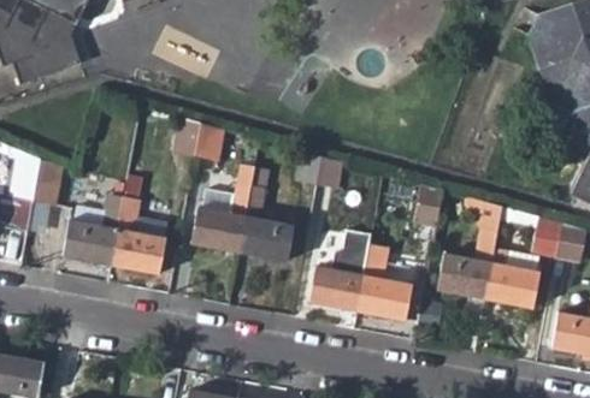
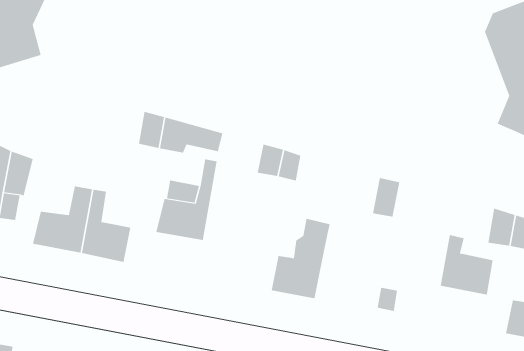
building: [240,170,293,260] -> none
building: [438,198,501,298] -> none
building: [355,245,412,321] -> none

